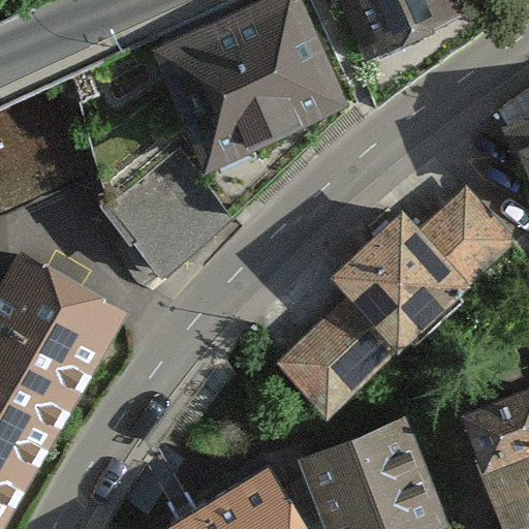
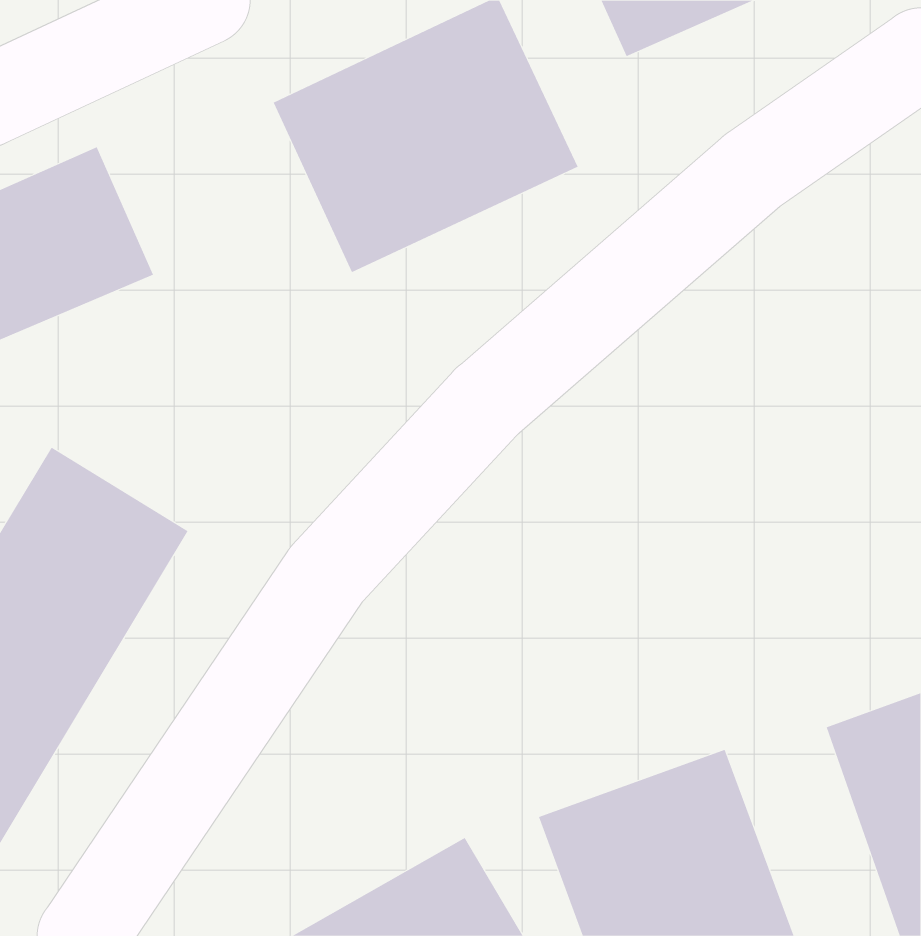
building: [103,152,217,266] -> none
building: [282,199,512,421] -> none

